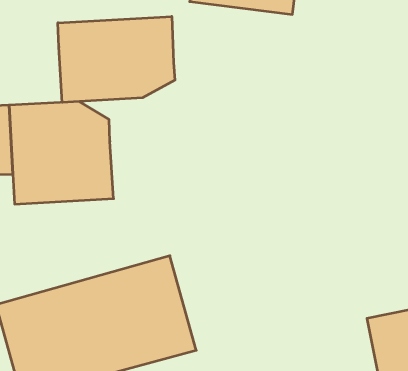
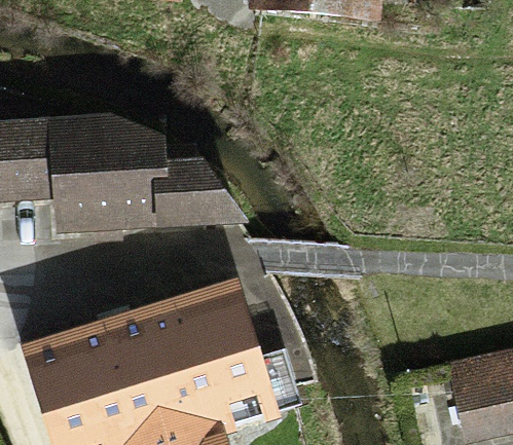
building: [58,16,175,102] -> none
building: none -> [158,160,225,228]

